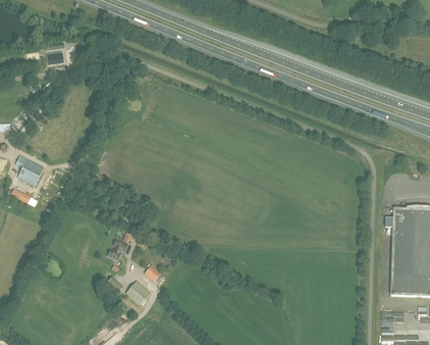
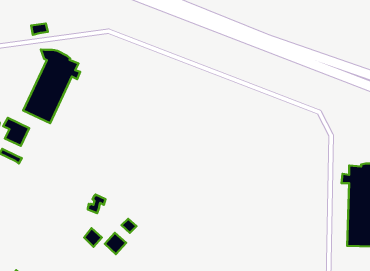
building: none -> [23,49,80,123]

